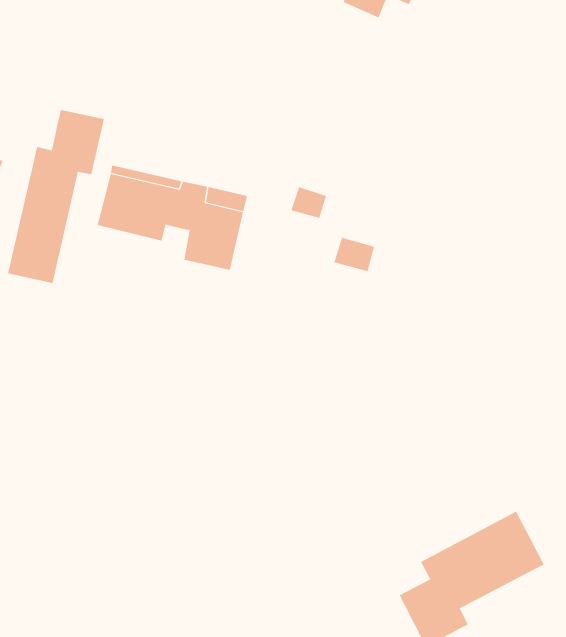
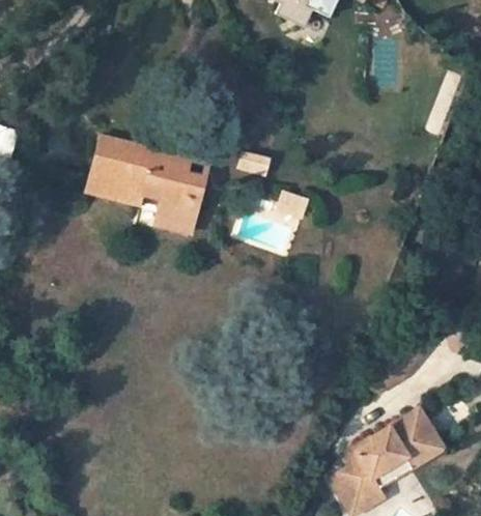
building: [8,109,105,284] -> none

